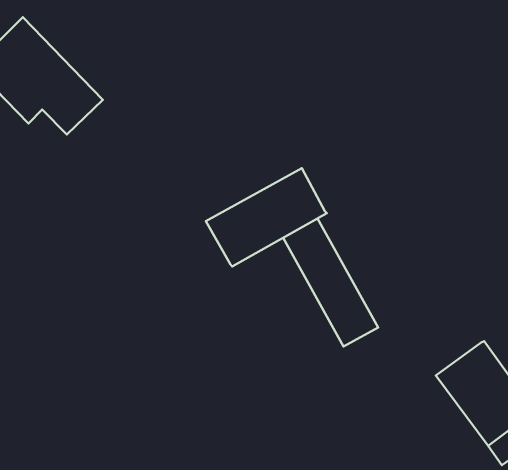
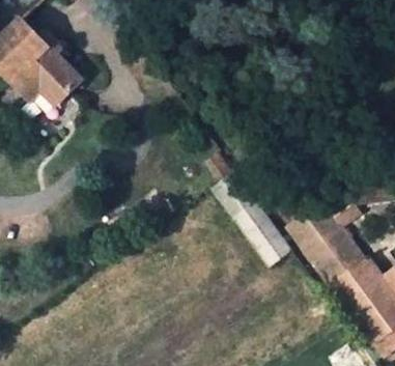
building: [206,168,327,266] -> none
building: none -> [287,196,371,287]

